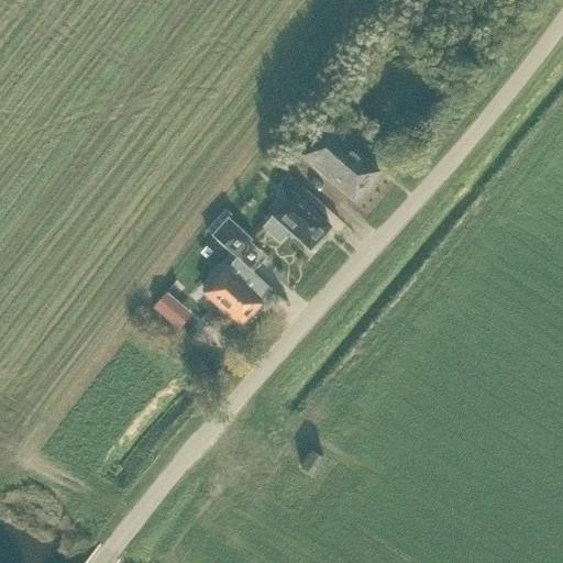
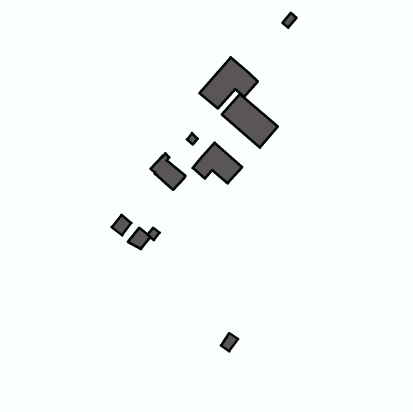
building: none -> [200,57,258,108]
building: [205,257,262,325] -> none

